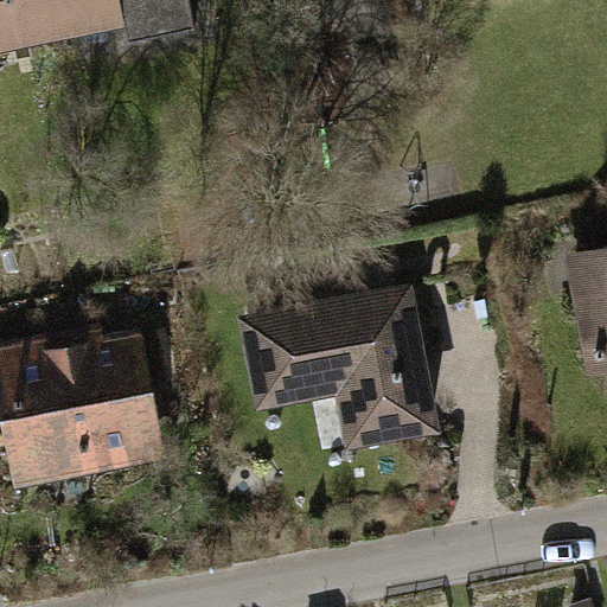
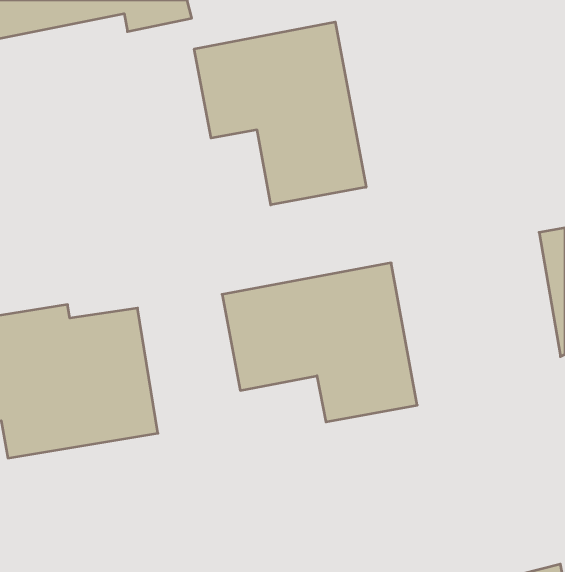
building: none -> [194,22,366,205]

